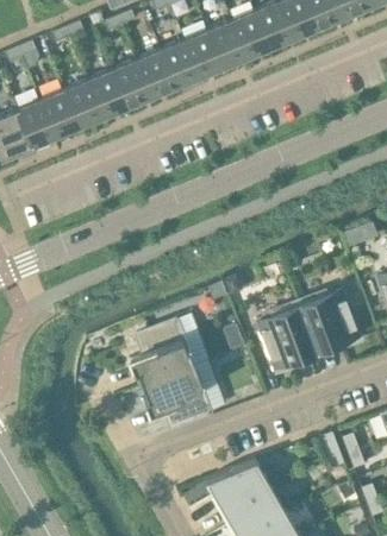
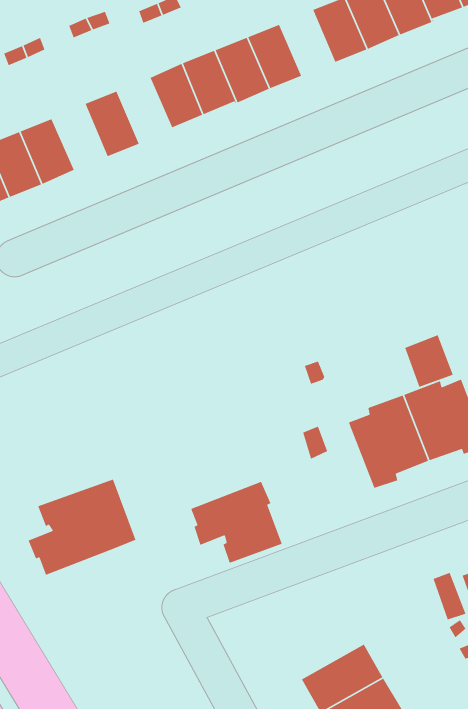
building: [208,20,249,69] -> none
building: [89,70,130,119] -> none
building: [42,89,82,138] -> none
building: none -> [404,334,454,388]
building: [130,314,210,385] -> [27,478,136,576]
building: [206,460,270,510] -> none

